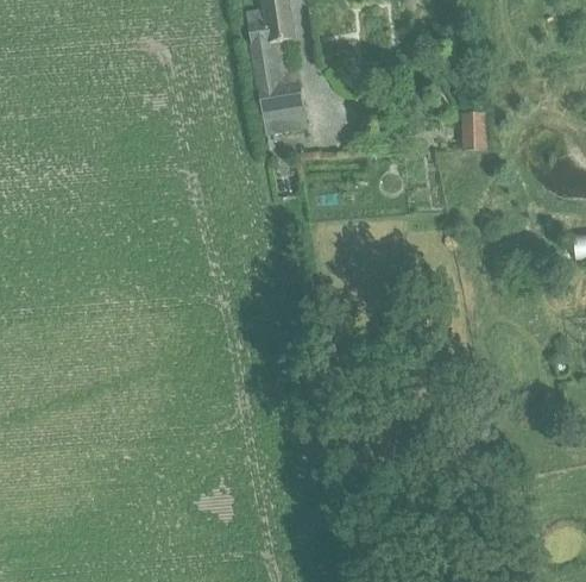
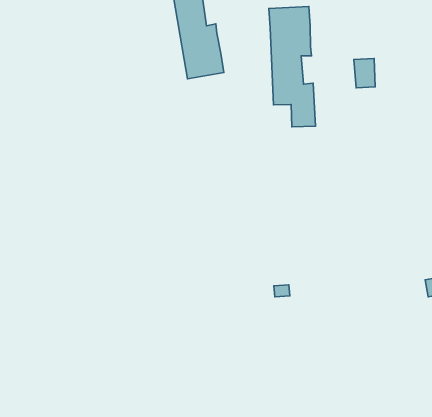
building: none -> [269,7,315,127]

